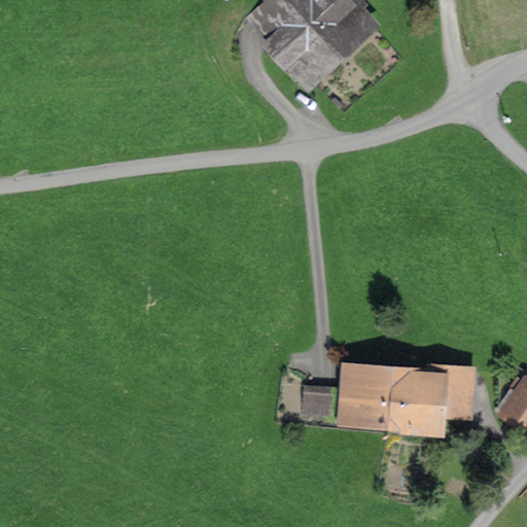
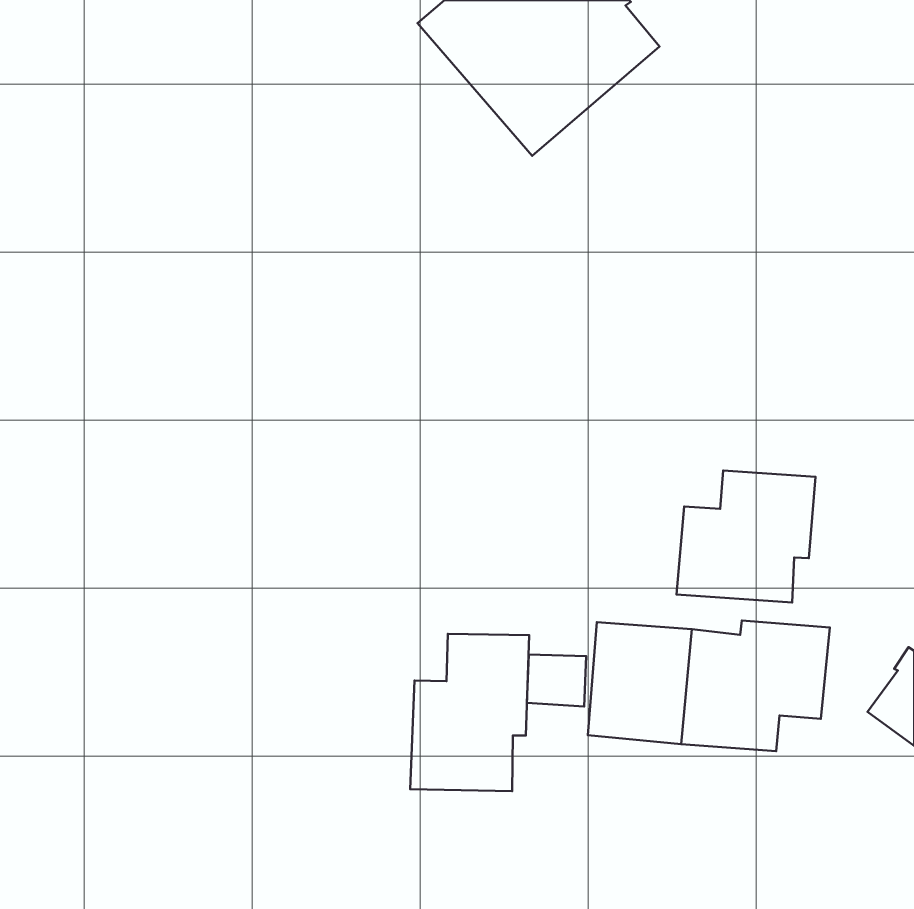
building: none -> [676,471,815,603]
building: none -> [410,634,529,791]

